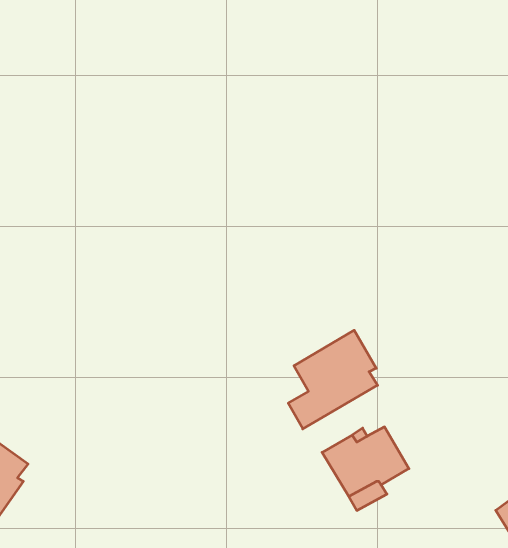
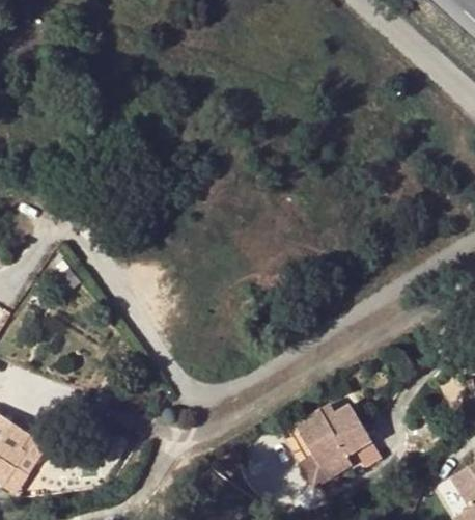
building: [288,330,378,429] -> none

